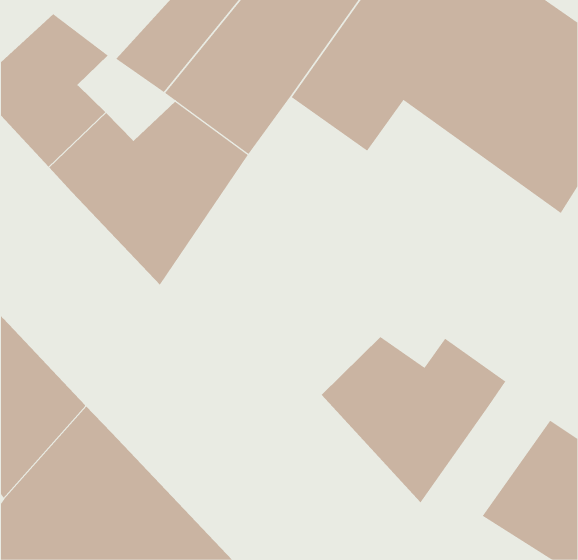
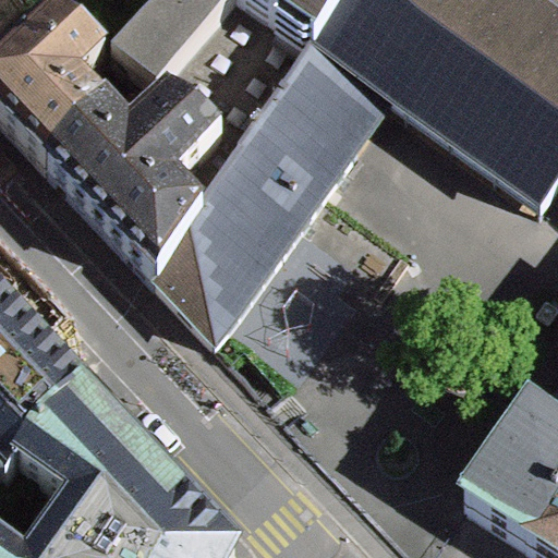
building: none -> [155,94,354,340]
building: [321,336,506,504] -> none

